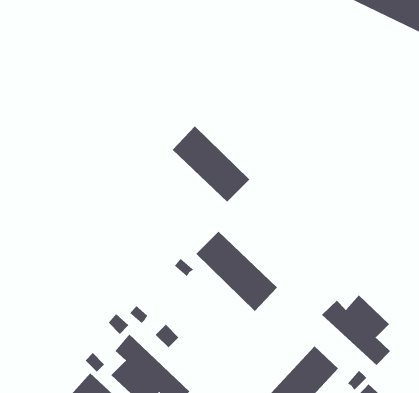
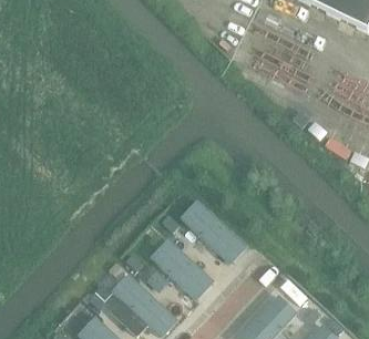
building: [172,126,250,203] -> [147,236,212,299]
building: [321,294,391,366] -> none

